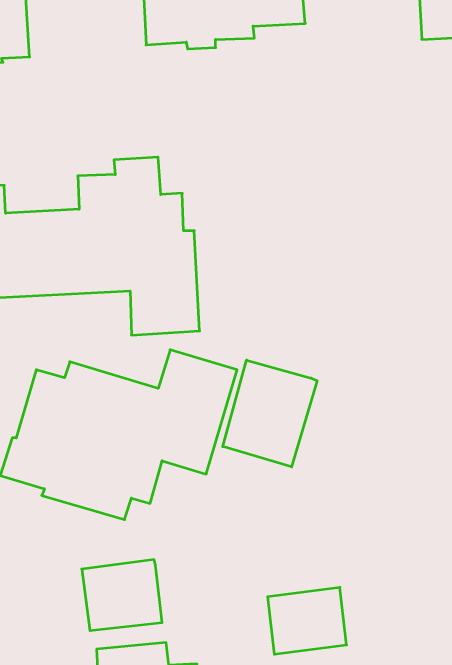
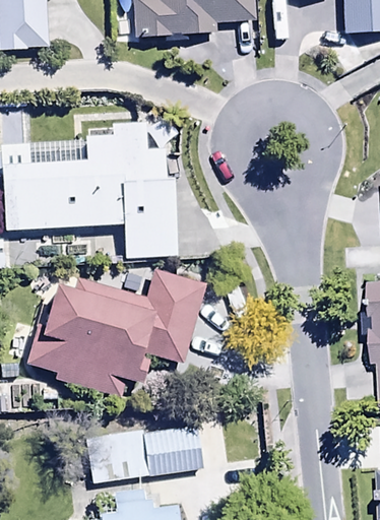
building: [223,360,317,467] -> none
building: [268,587,347,654] -> [142,425,202,475]

